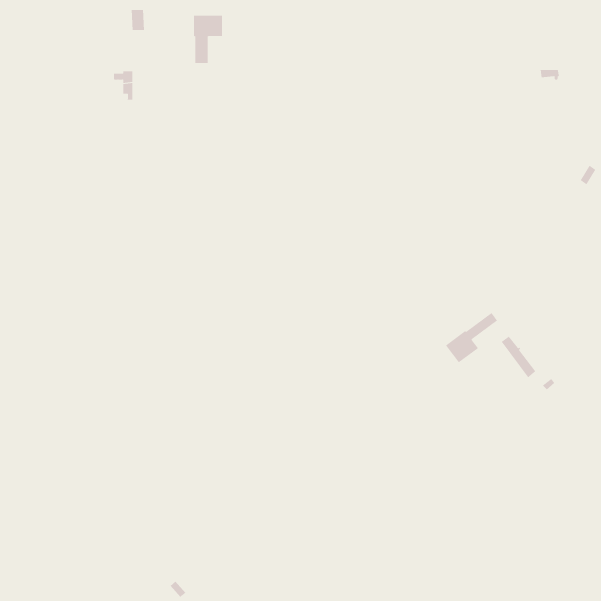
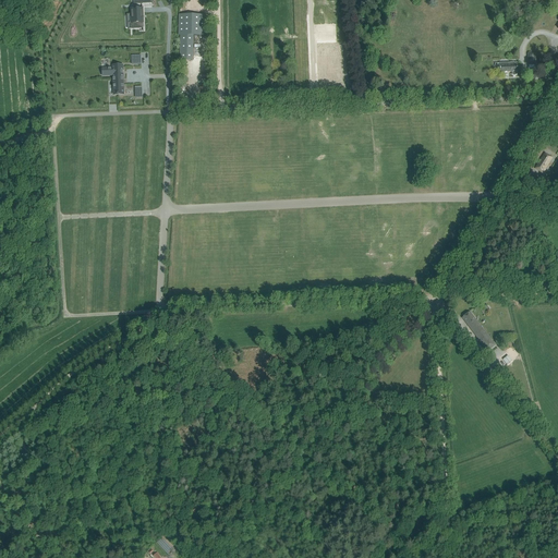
building: [445,312,498,363] -> none

